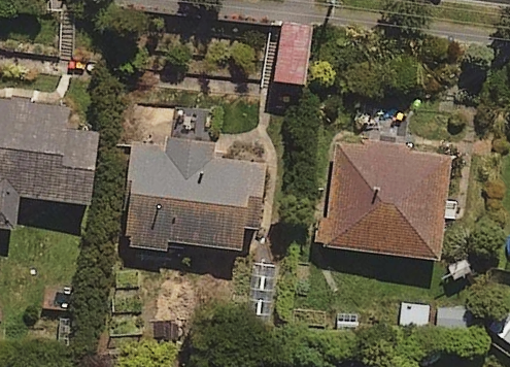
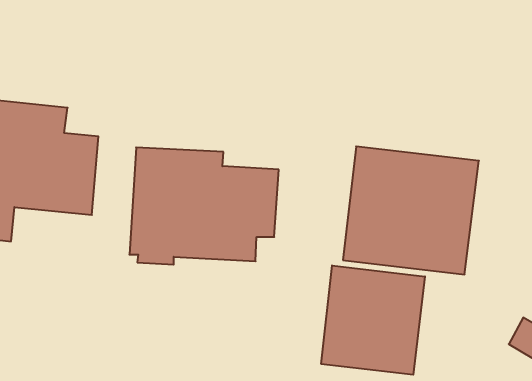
building: none -> [321,265,425,375]

